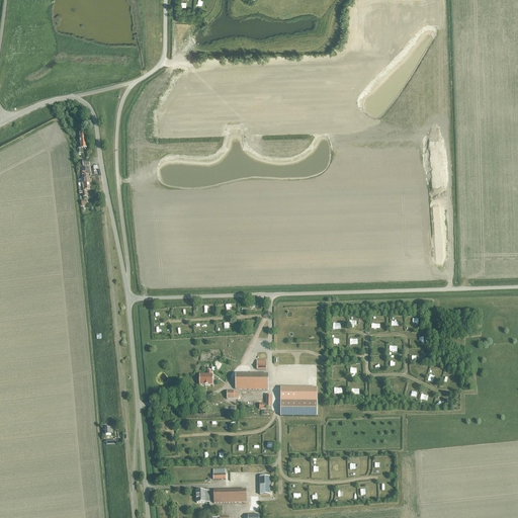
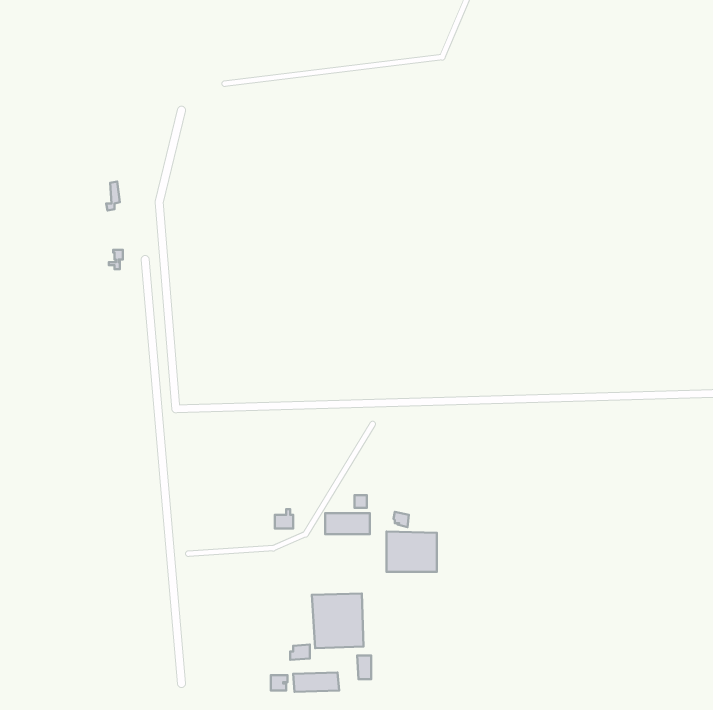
building: none -> [312,593,363,648]

